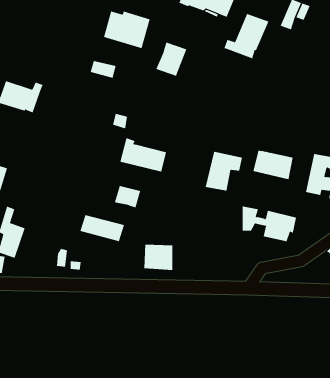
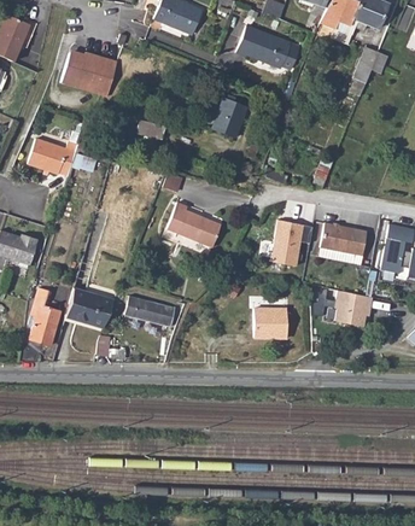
building: [103,11,151,49] -> [63,54,117,98]
building: [224,13,269,59] -> none
building: [114,185,141,208] -> none
building: none -> [66,288,113,327]
building: [144,244,173,270] -> [252,306,286,337]

